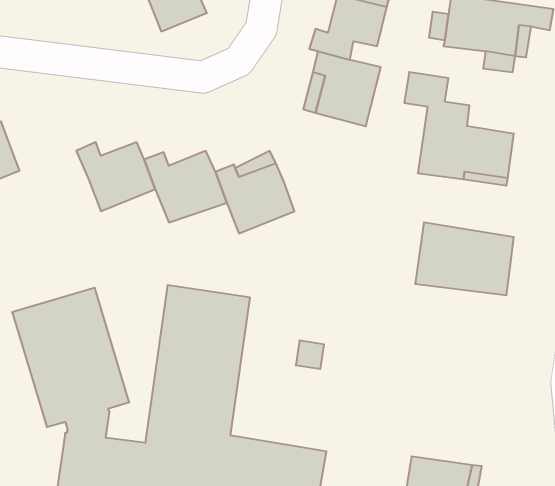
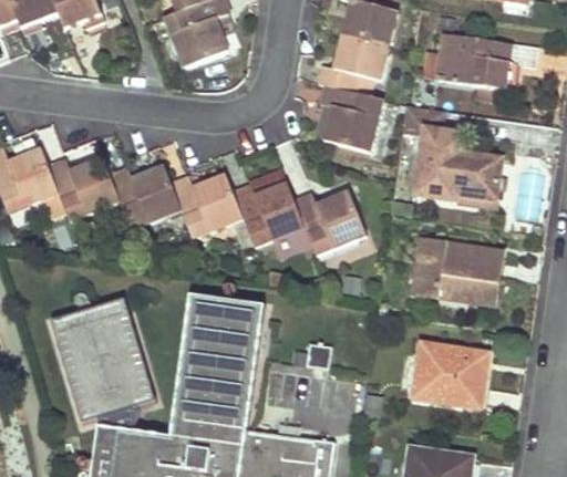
building: none -> [47,157,118,219]
building: none -> [293,194,365,256]
building: none -> [412,343,486,406]

